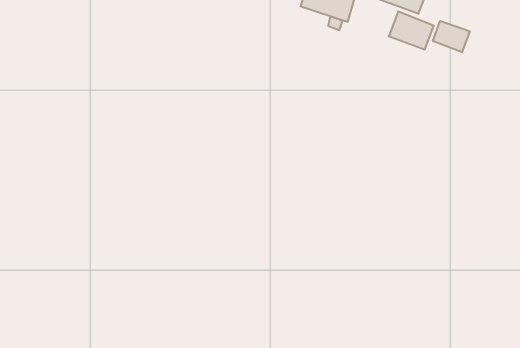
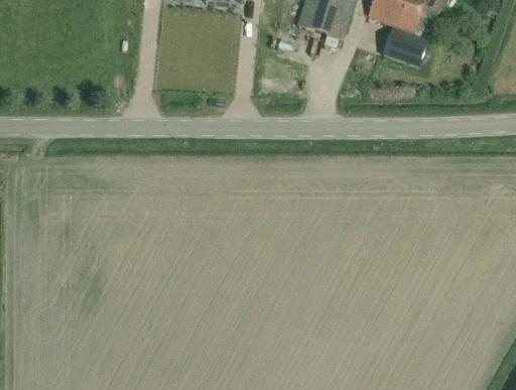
building: [433,21,470,52] -> none

